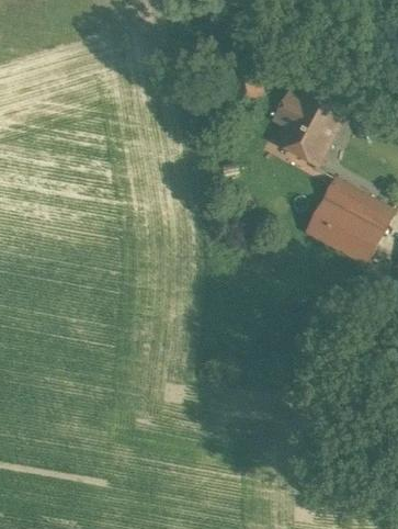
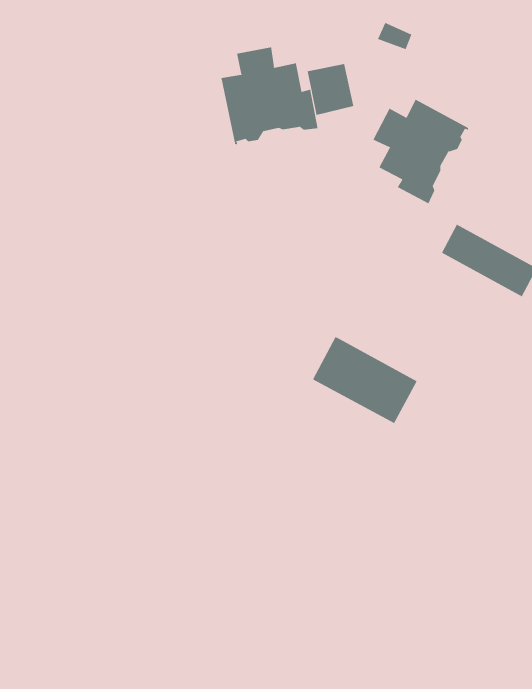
building: none -> [221,47,318,145]
building: [308,200,384,262] -> [312,337,417,424]

